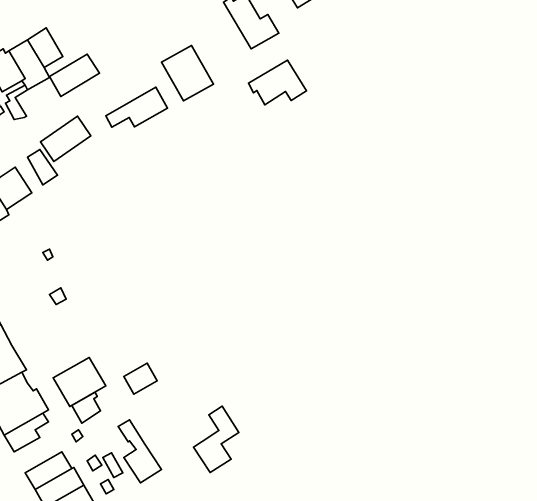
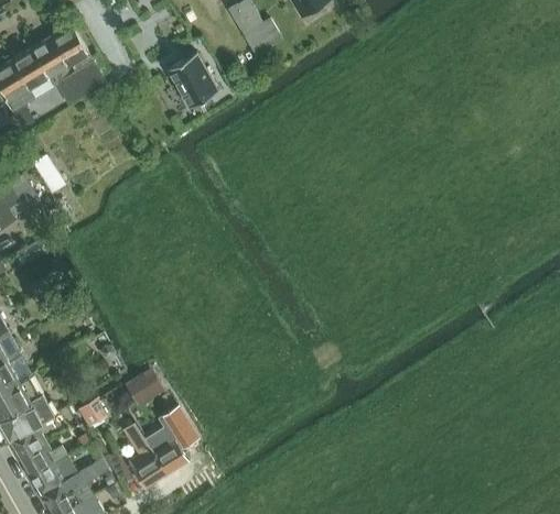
building: none -> [53,25,88,65]
building: [249,60,307,105] -> none
building: [106,87,167,127] -> none
building: [41,116,91,162] -> none
building: [53,357,106,406] -> none
building: [193,406,239,473] -> [151,409,196,475]
building: none -> [21,444,68,479]

